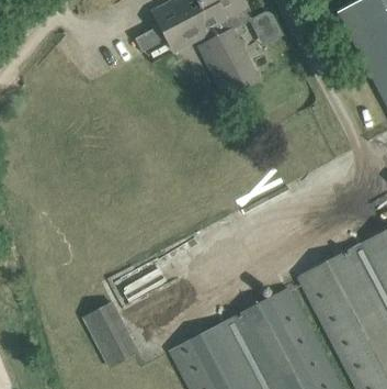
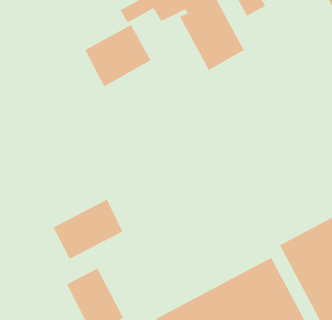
building: none -> [84,24,151,87]
building: none -> [53,199,123,259]

